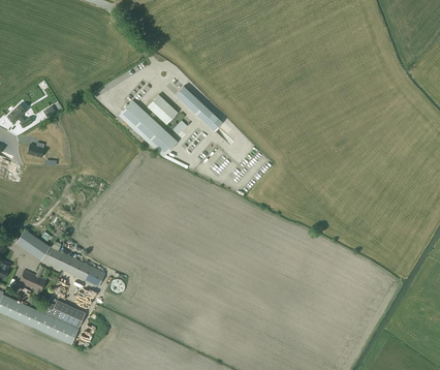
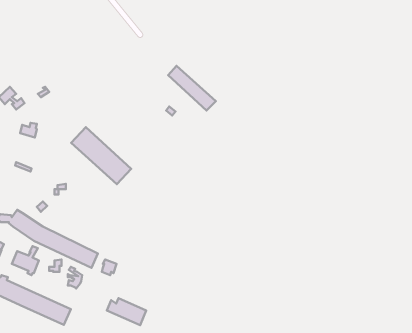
building: [148,94,179,124] -> none
building: [119,100,179,157] -> [71,127,131,184]
building: [46,300,86,327] -> [107,298,146,325]

